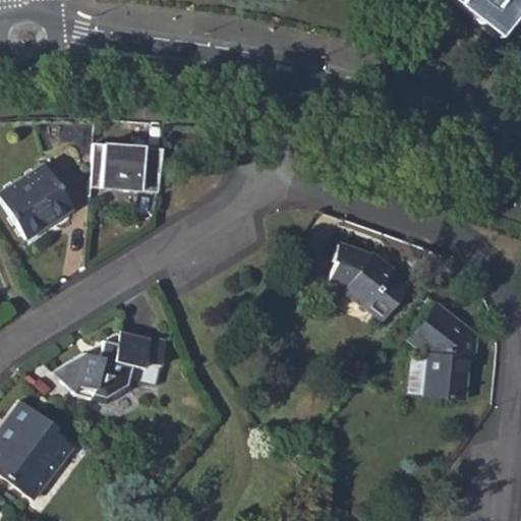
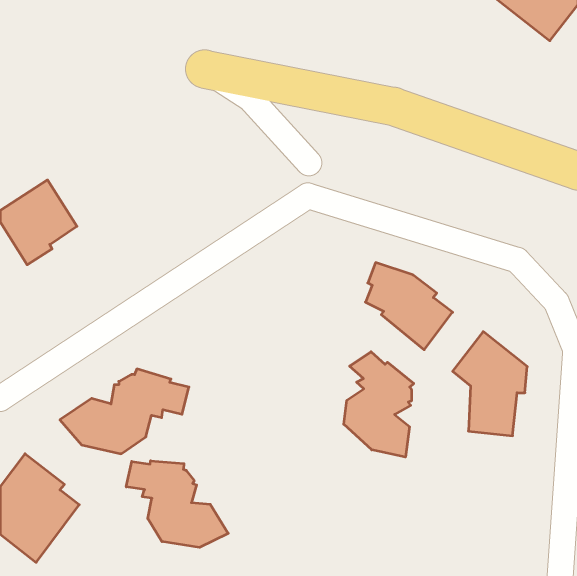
building: [100,144,161,189] -> none
building: none -> [344,352,414,457]
building: none -> [126,461,228,547]

